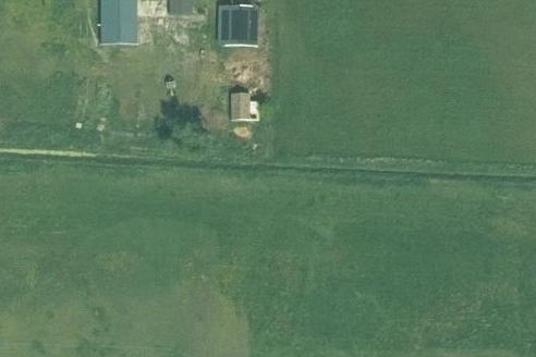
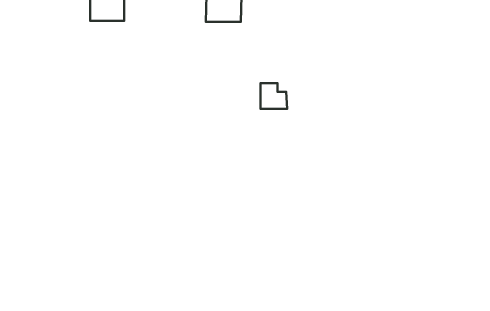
building: [231,93,258,119] -> [261,83,287,109]

